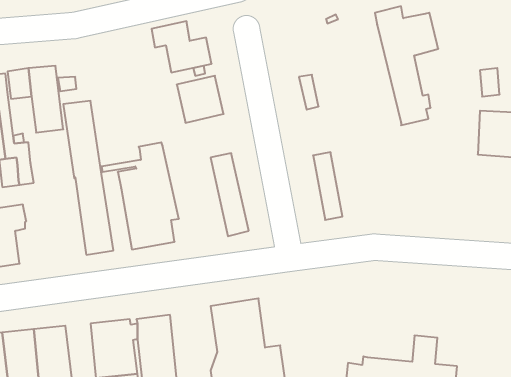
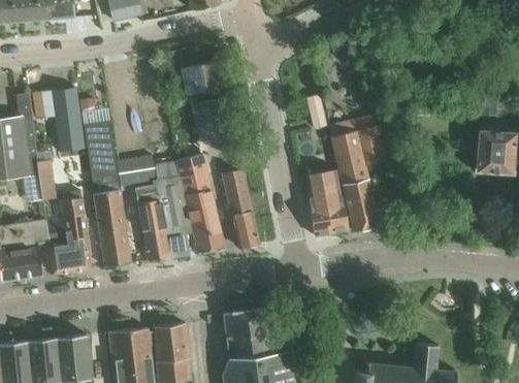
building: [375,6,438,125] -> [328,119,388,231]
building: none -> [176,154,224,253]
building: none -> [117,155,157,183]
building: none -> [303,172,331,236]
building: none -> [47,191,91,274]

